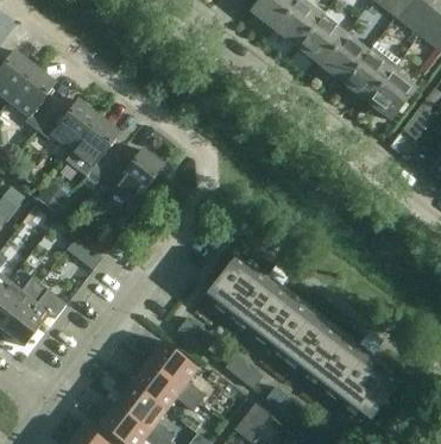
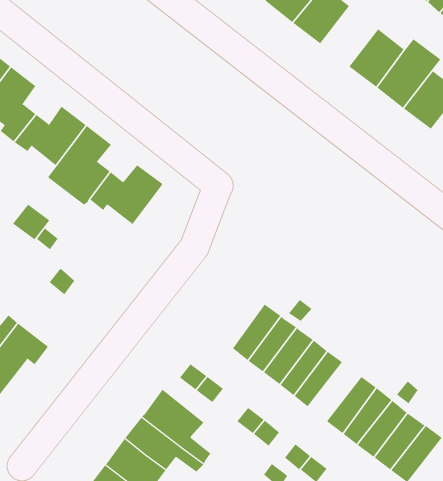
building: [297,13,346,64] -> none
building: [207,255,250,304] -> none
building: [286,315,332,365] -> none

